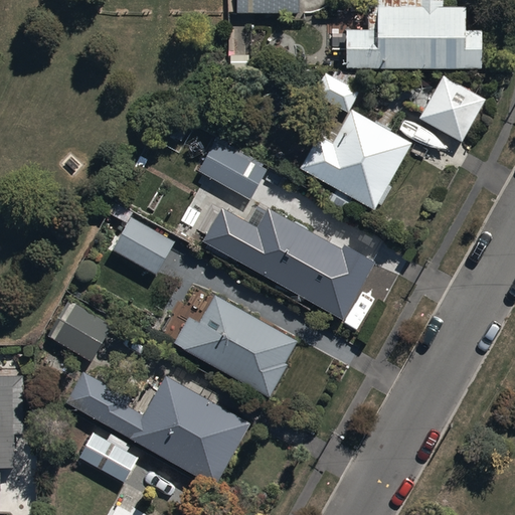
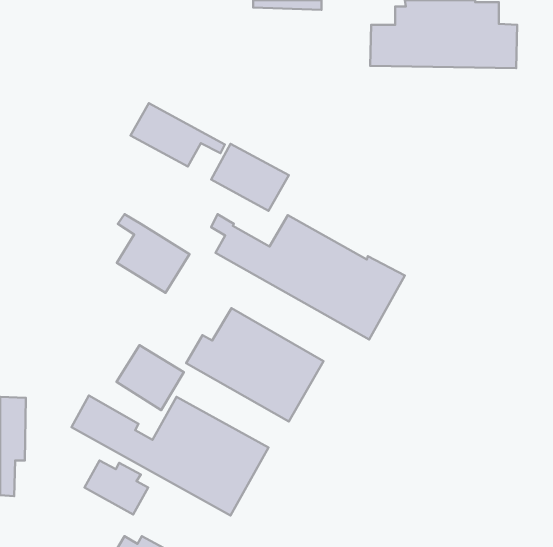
building: [300,73,411,207] -> none
building: [416,74,482,142] -> none
building: none -> [131,103,225,167]
building: [49,302,112,362] -> [117,345,184,410]

